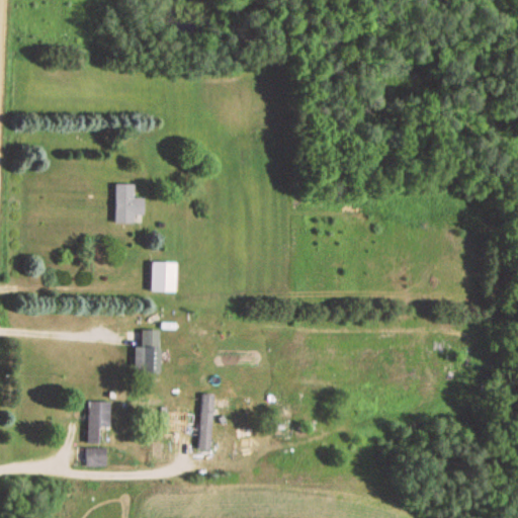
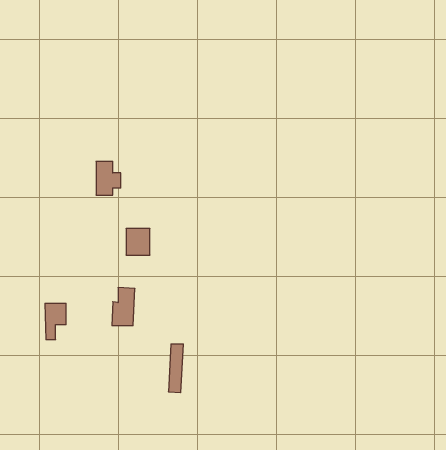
building: [87,402,111,443] -> [45,303,66,340]
building: [85,448,108,466] -> none

